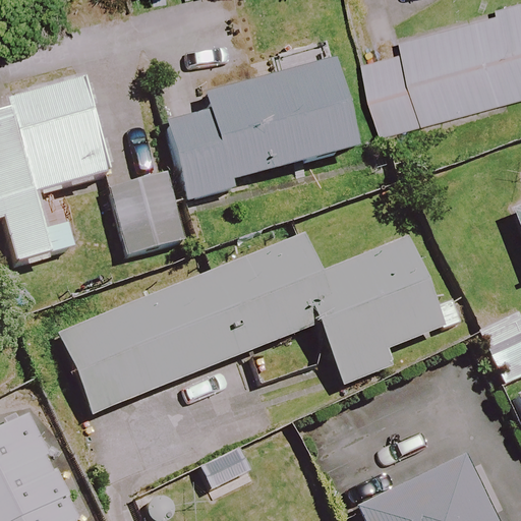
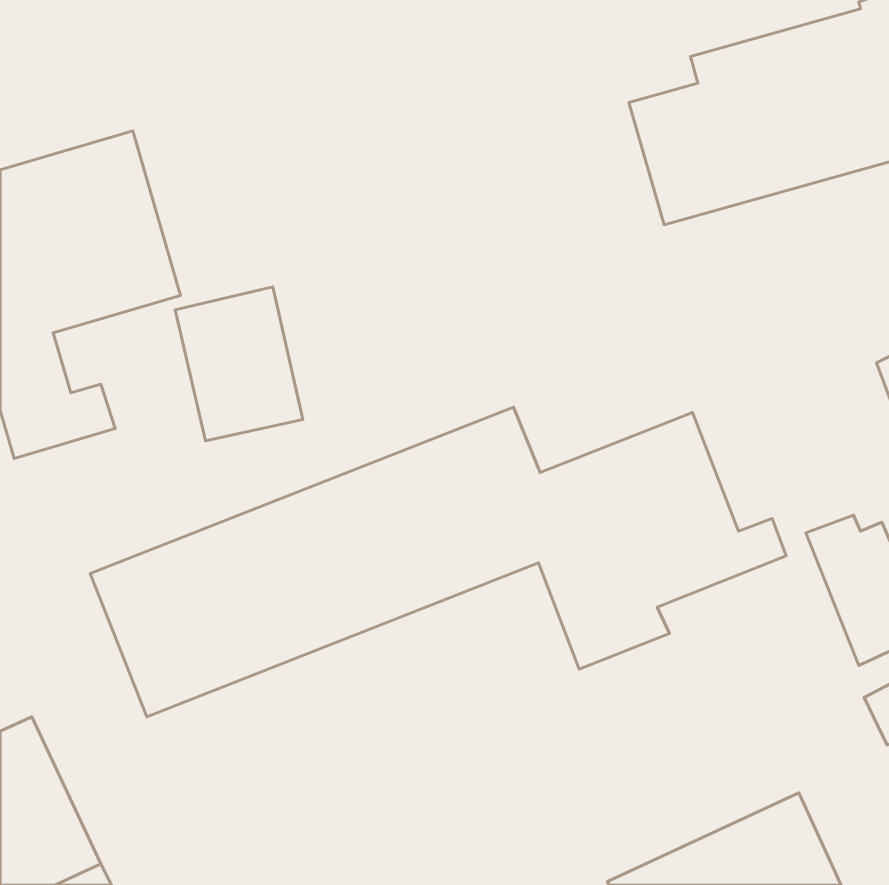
building: [168,58,355,199] -> none

